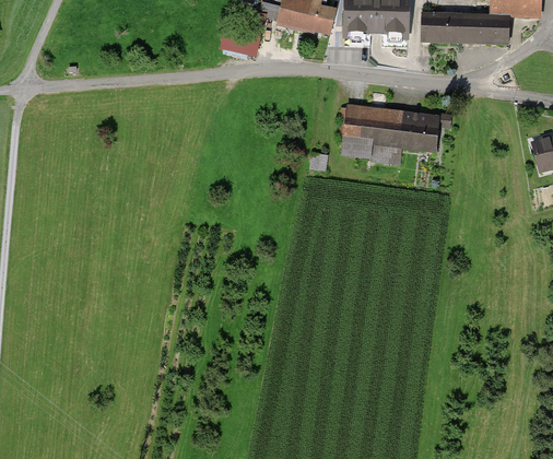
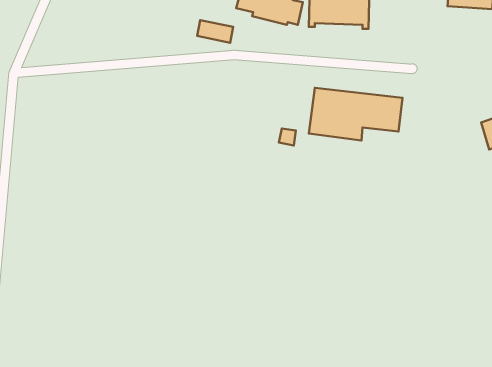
building: [422,14,510,45] -> none

